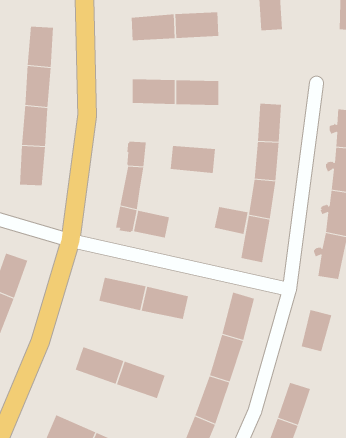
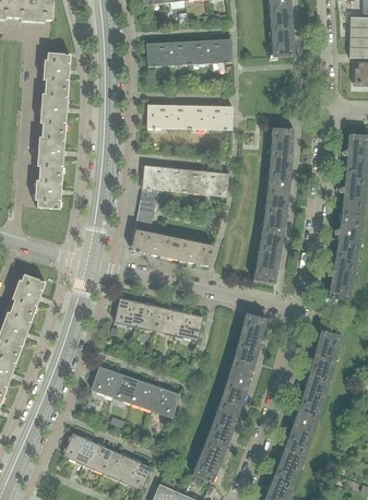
building: none -> [159,167,187,192]
building: [214,207,249,235] -> [180,239,214,266]
building: none -> [301,366,333,407]

